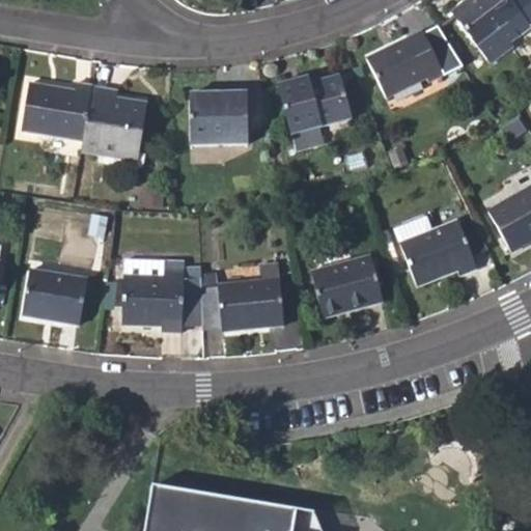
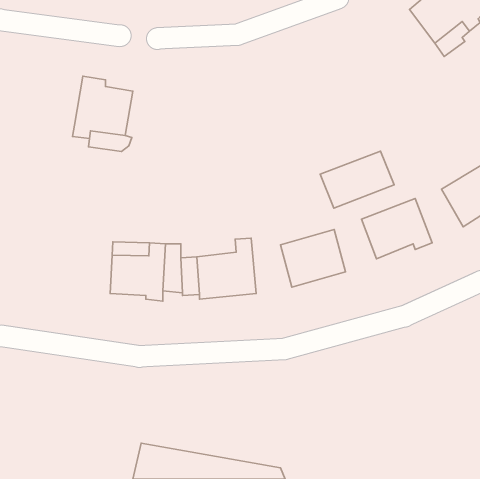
building: [367,29,444,96] -> none
building: [279,74,351,133] -> none
building: [21,81,92,138] -> none
building: [190,91,248,144] -> none
building: none -> [320,151,394,208]
building: [23,269,87,323] -> none

